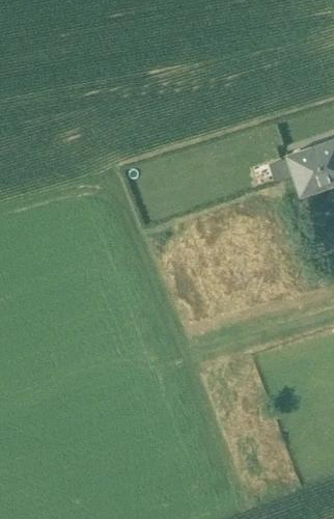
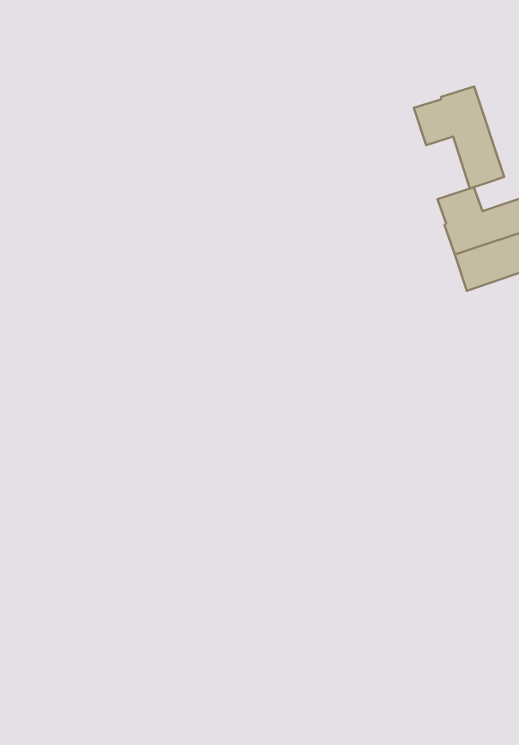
building: none -> [414,87,504,188]

